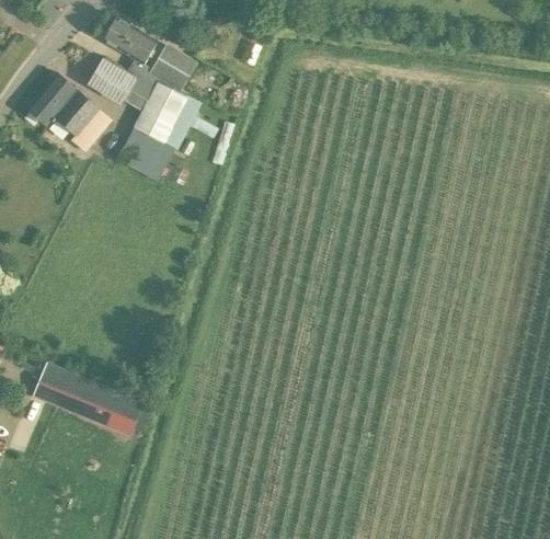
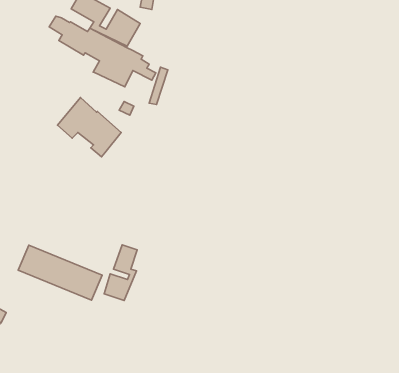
building: [25,71,111,151] -> [58,98,121,157]
building: none -> [104,245,137,301]

